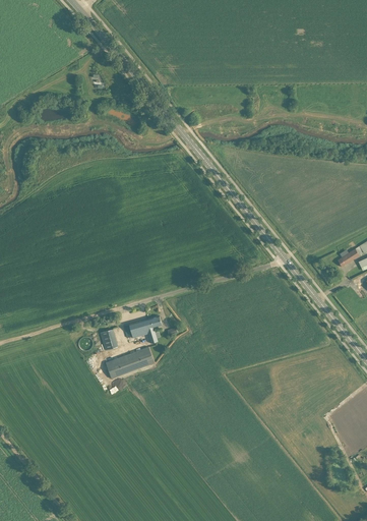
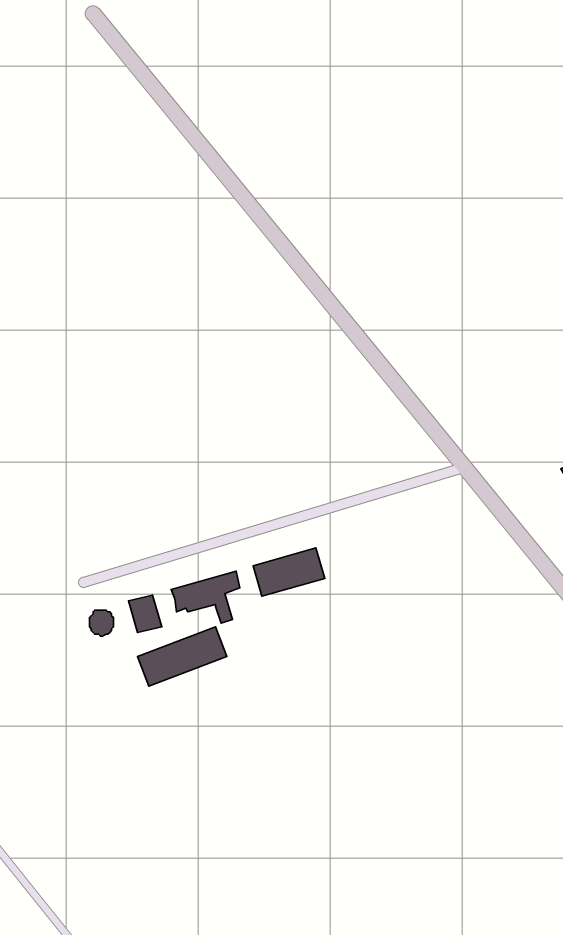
building: none -> [253,548,325,596]

